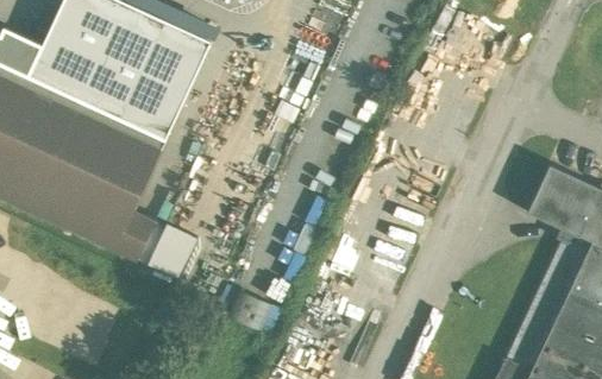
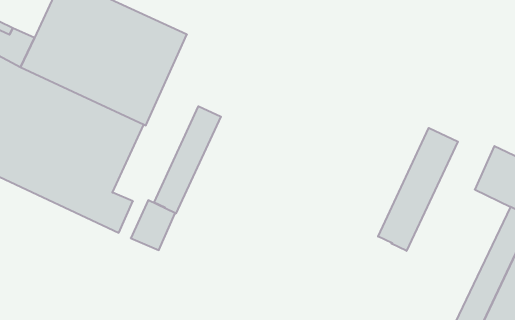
building: none -> [154,106,221,214]
building: none -> [378,128,458,251]

